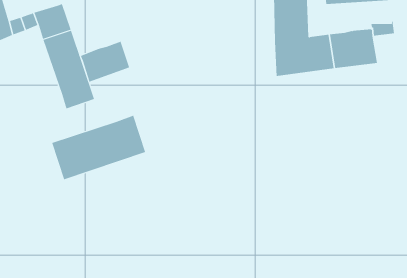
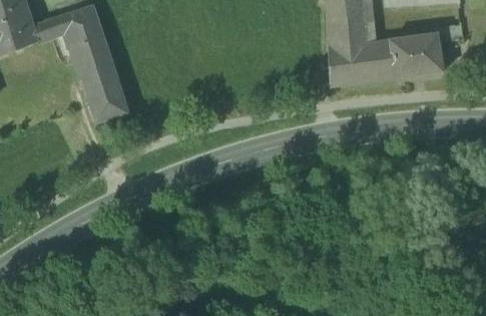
building: [80,41,130,83] -> none
building: [51,115,146,180] -> none

